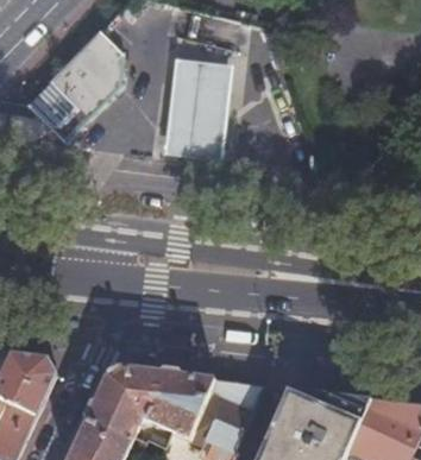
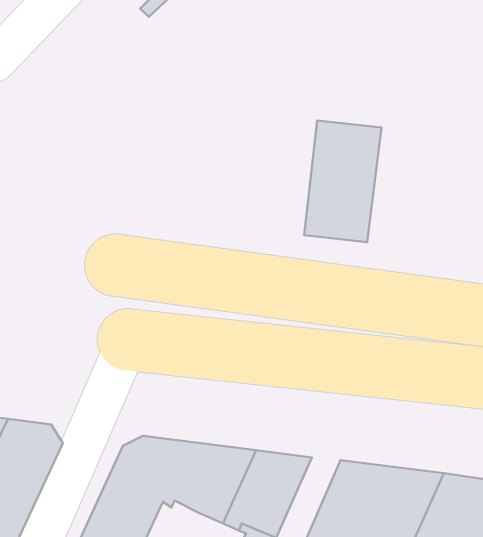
building: [27,31,125,143] -> none
building: [166,61,231,162] -> [304,120,382,242]

